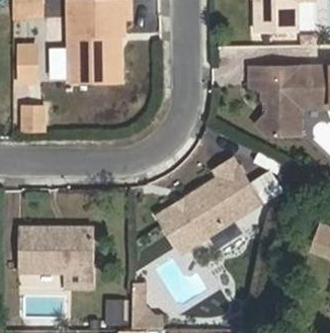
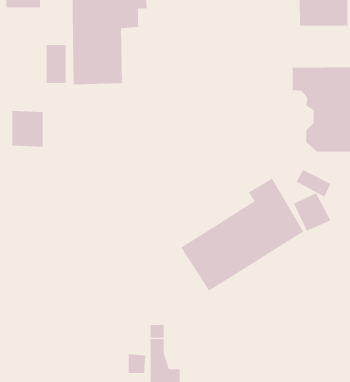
building: [13,41,35,85] -> none
building: [17,227,94,287] -> none

